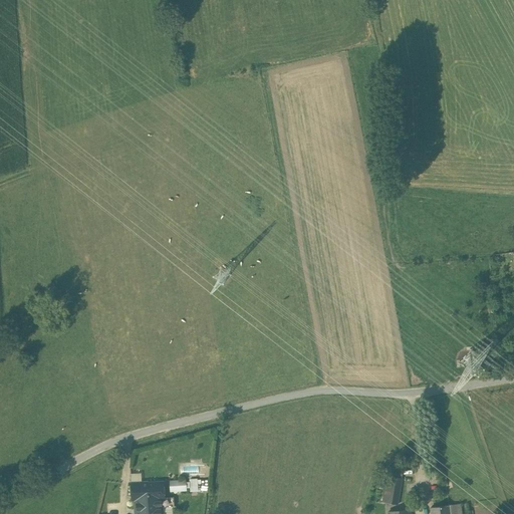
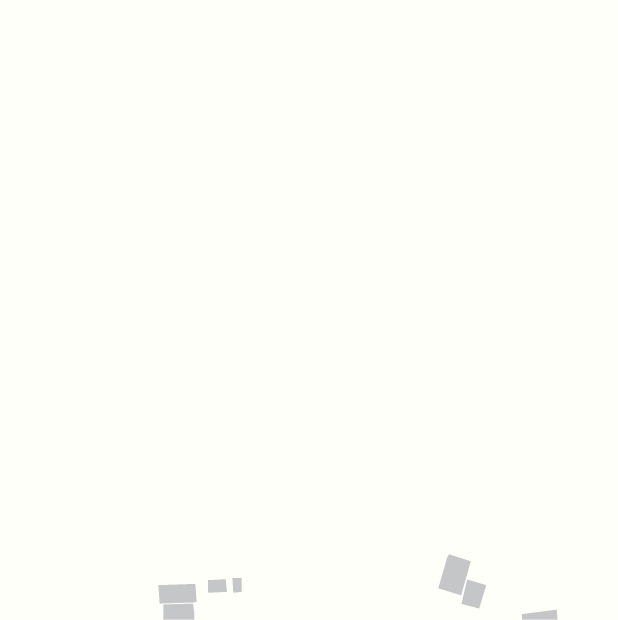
building: none -> [438,554,472,596]

